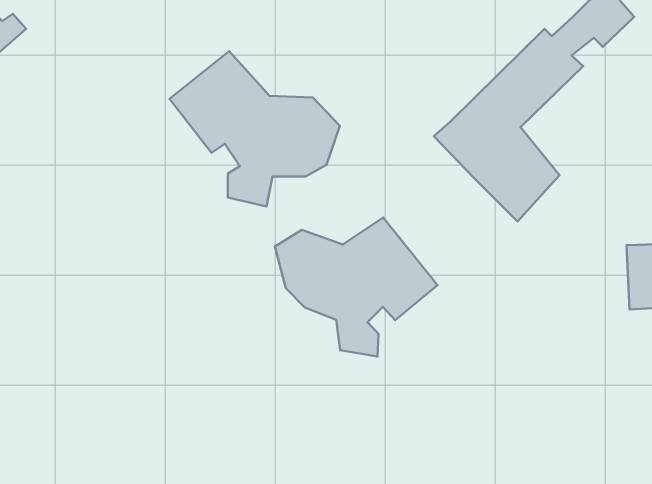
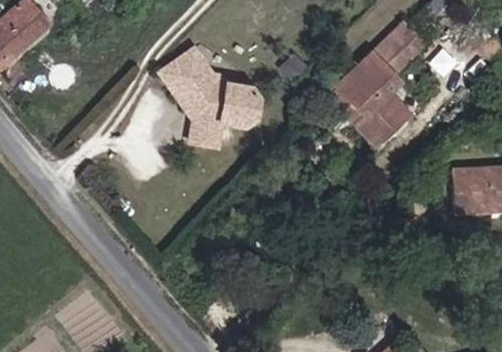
building: [275,217,437,356] -> none

